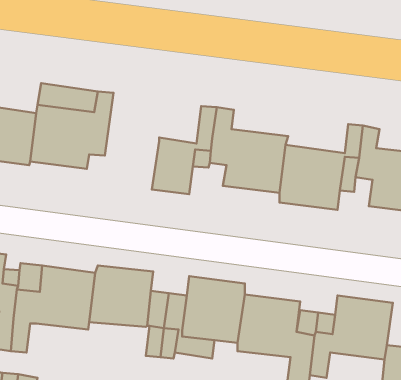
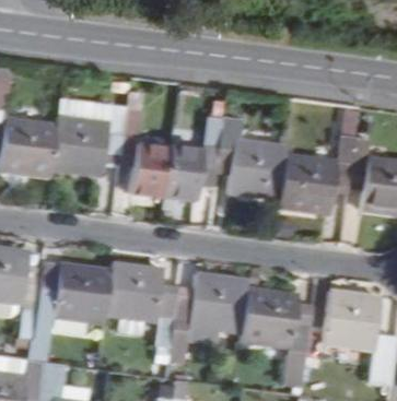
building: none -> [120,107,170,198]

